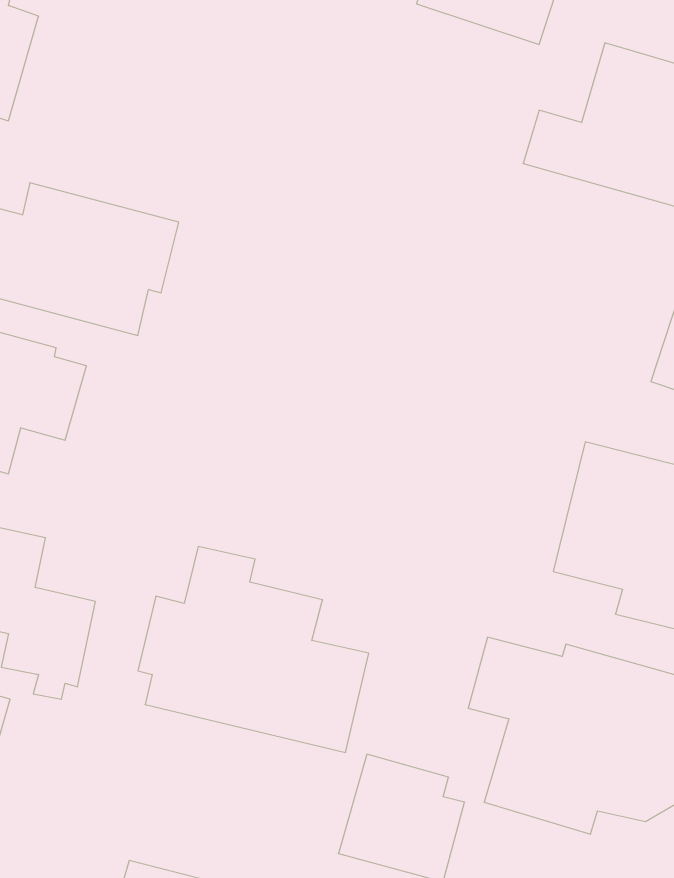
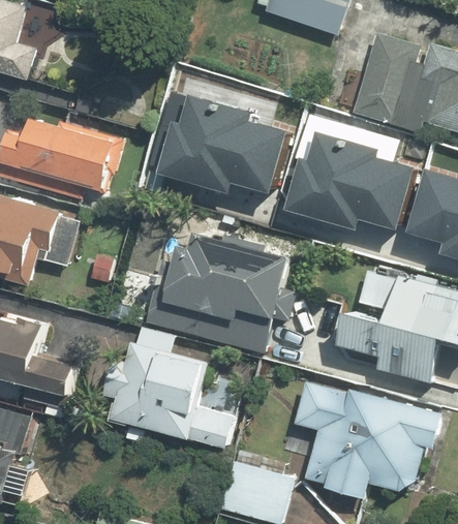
building: none -> [153,103,285,207]
building: none -> [286,137,407,243]
building: none -> [144,229,297,352]

